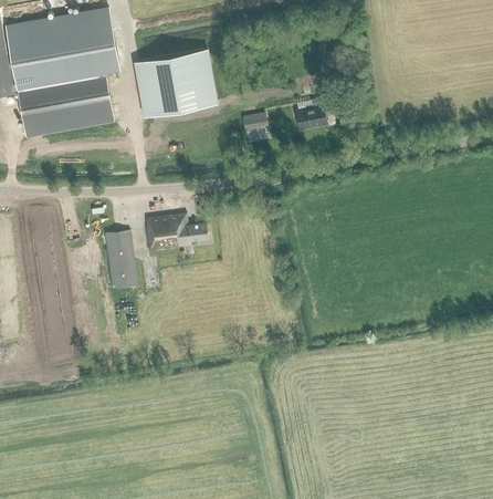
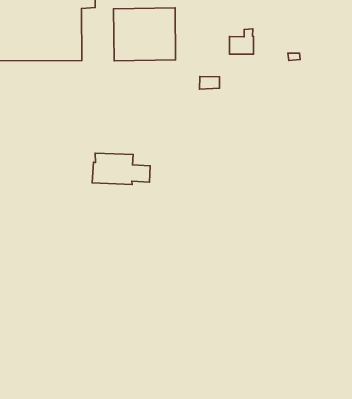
building: [296,97,325,128] -> [230,29,254,54]
building: [104,229,136,287] -> none

